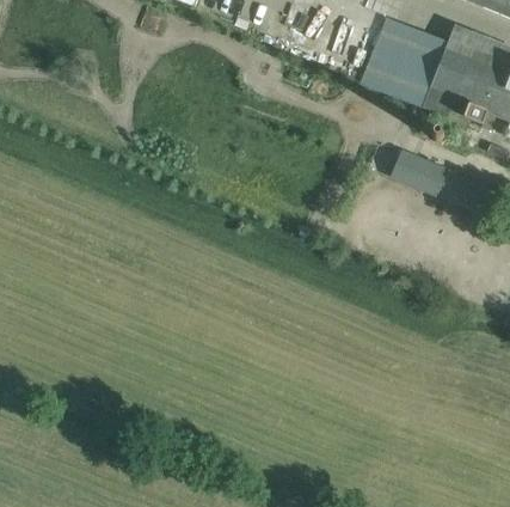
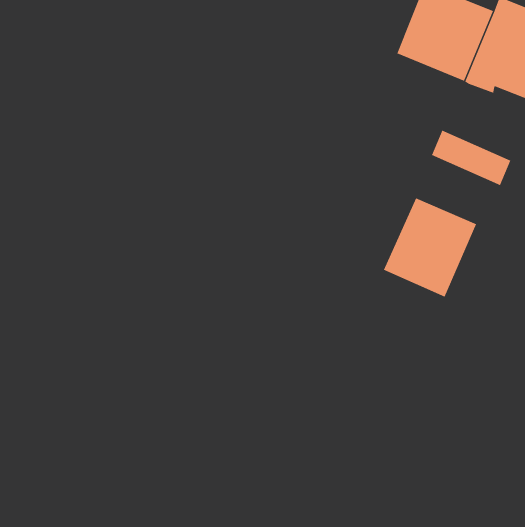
building: none -> [383,197,477,297]

